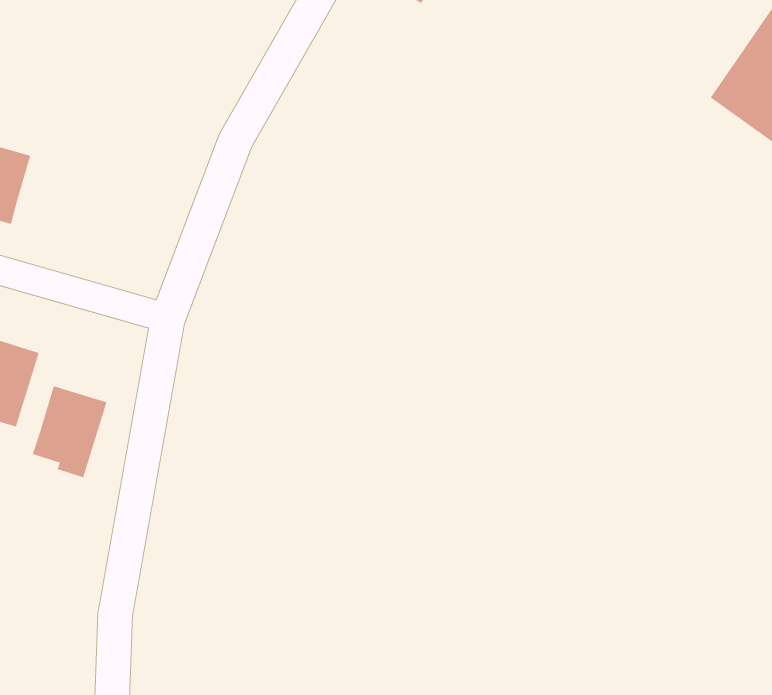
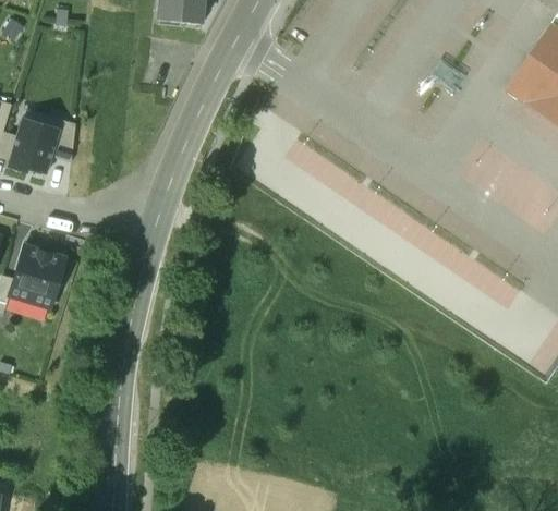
building: none -> [51,119,75,161]
building: [32,385,107,478] -> none

